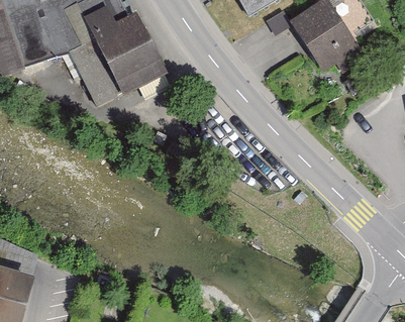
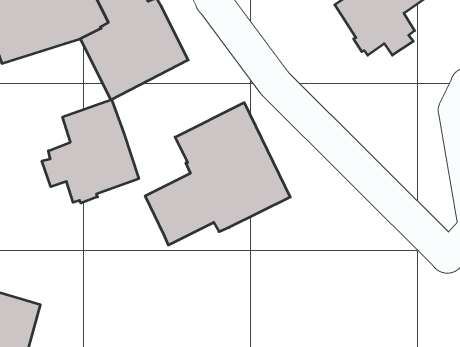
building: none -> [42,99,139,203]
building: none -> [145,103,290,245]

